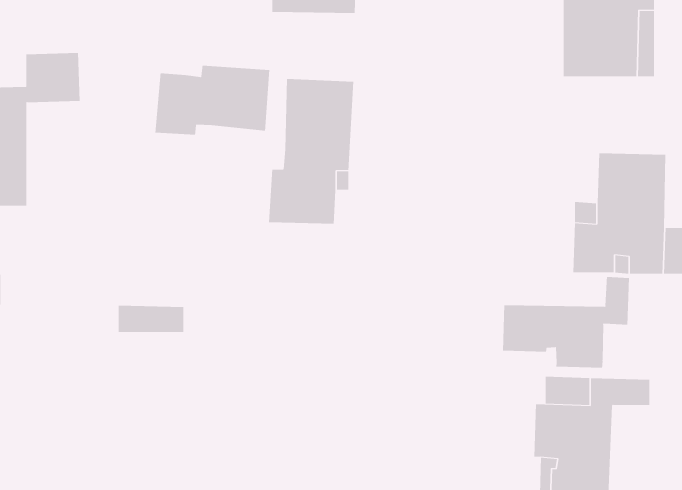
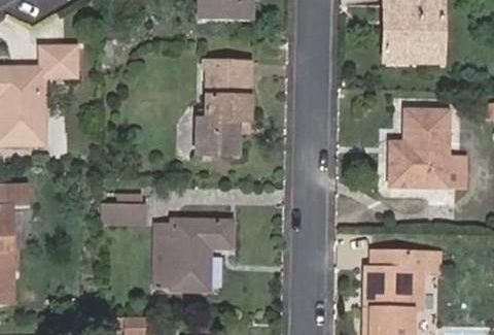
building: [155,65,270,136] -> none
building: [503,276,629,368] -> none
building: none -> [153,220,233,291]

